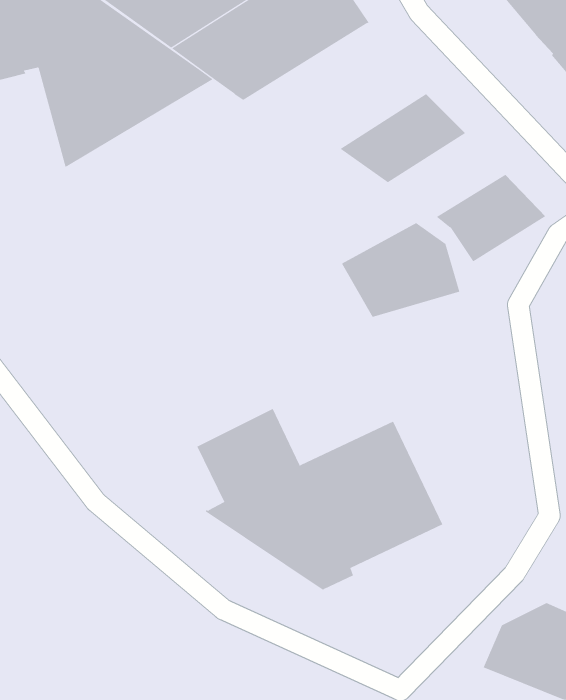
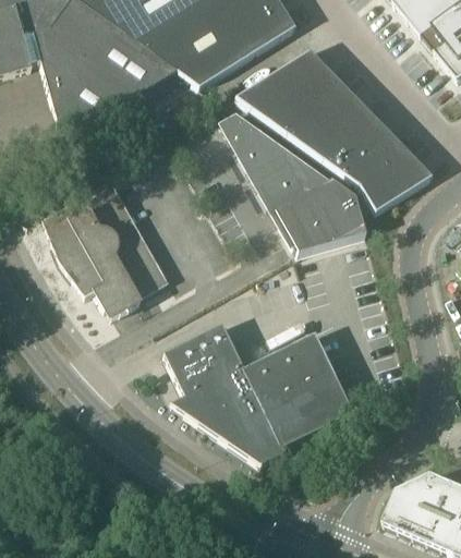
building: none -> [234,48,339,123]
building: none -> [221,111,331,211]
building: none -> [310,111,400,175]
building: none -> [41,183,161,308]

